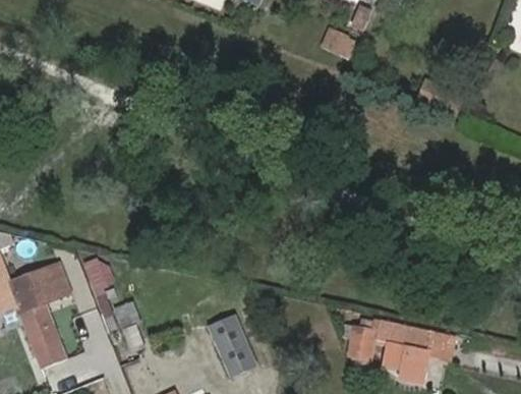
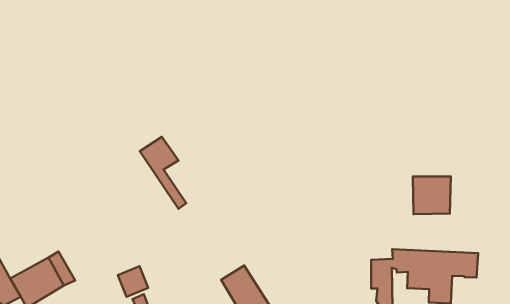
building: [82,256,118,325] -> [140,137,186,209]
building: none -> [413,176,451,214]

